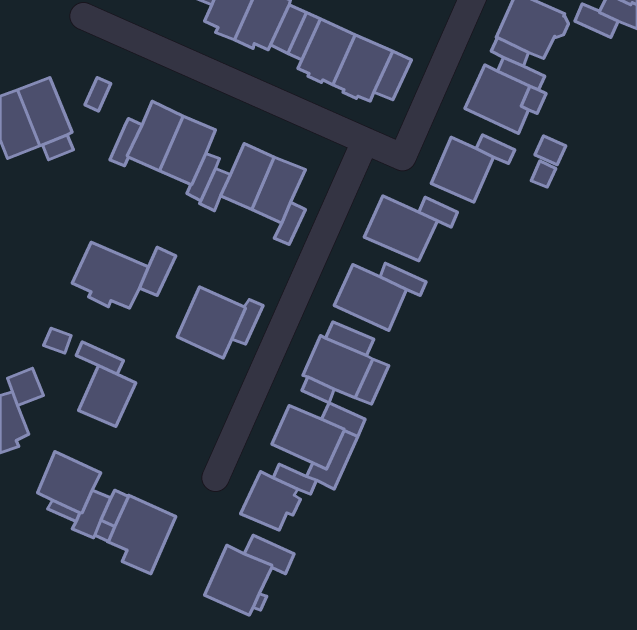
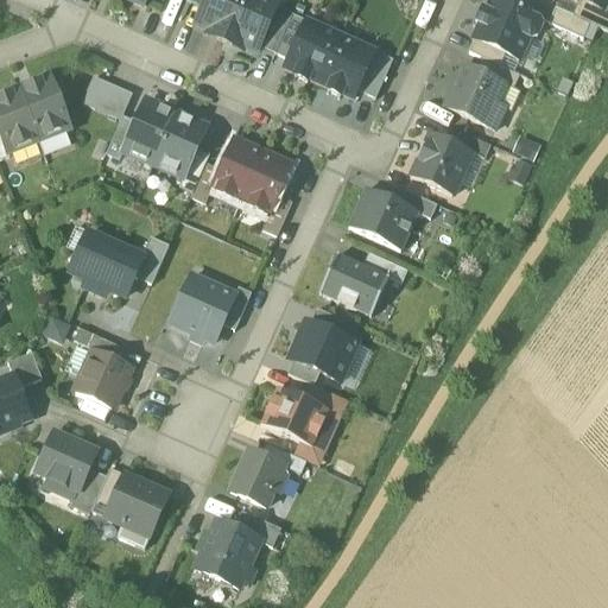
building: none -> [94,80,132,118]

